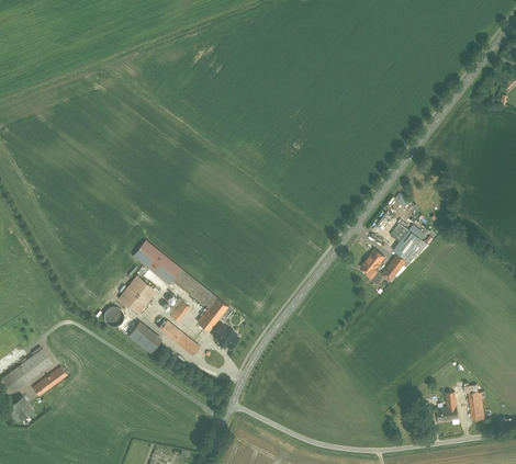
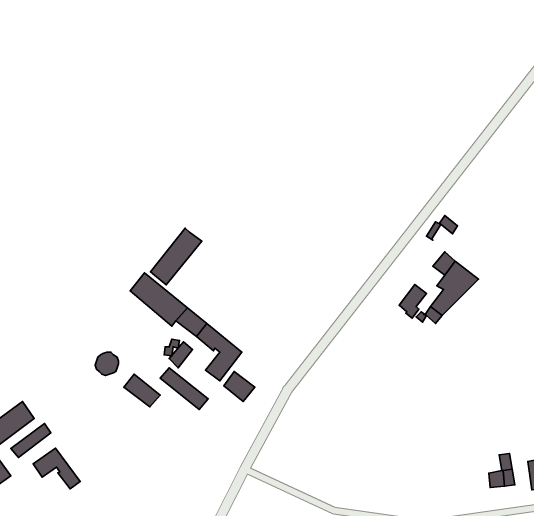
building: none -> [151,228,202,285]
building: [117,276,155,314] -> none
building: none -> [33,448,80,489]

